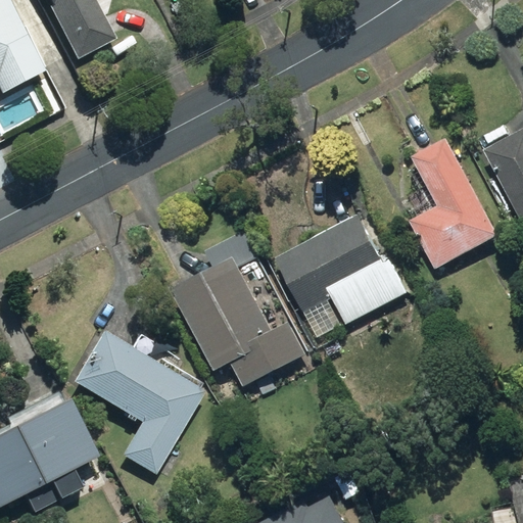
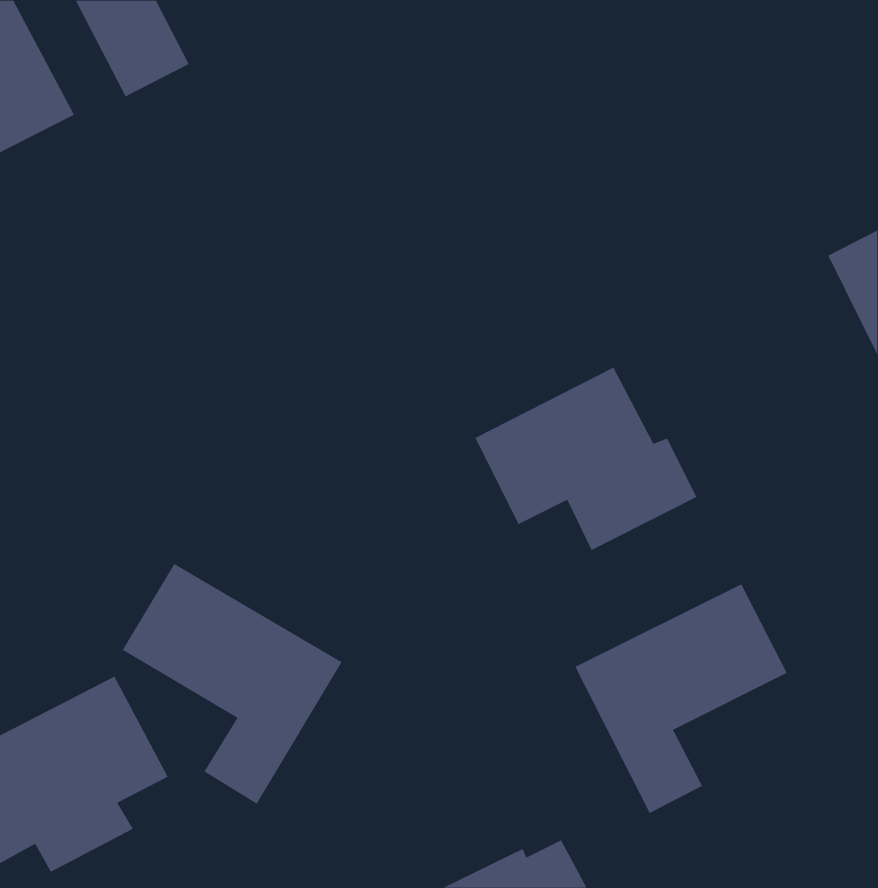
building: [412,137,500,266] -> none
building: [176,232,306,382] -> none
building: none -> [575,583,787,814]

